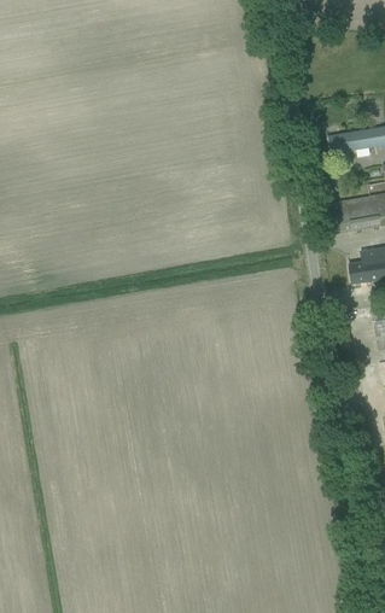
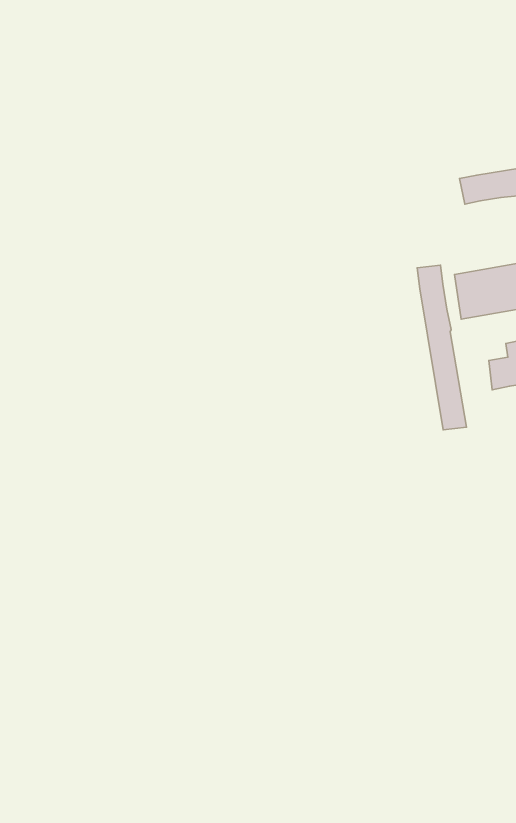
building: none -> [417,265,466,430]

